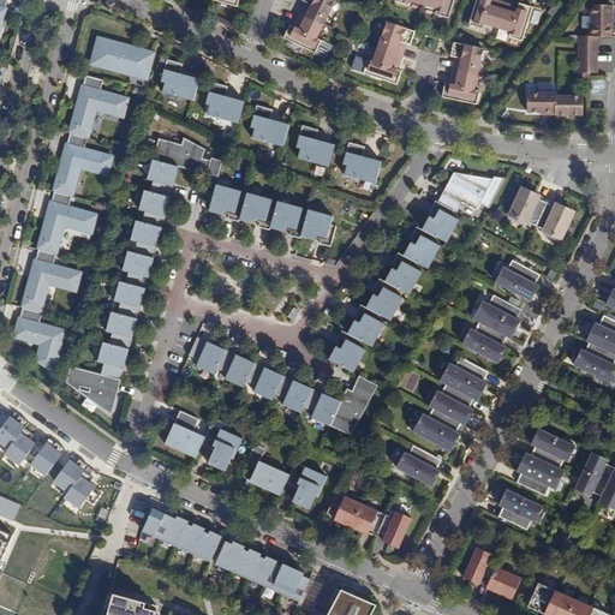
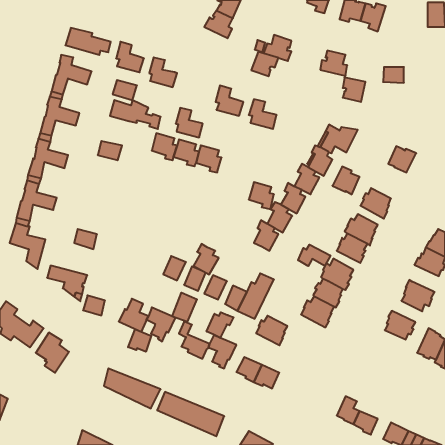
building: [377,23,414,56] -> [251,52,278,76]
building: [579,37,601,74] -> none
building: [450,42,482,76] -> [343,77,365,102]
building: [556,92,584,115] -> none
building: [251,100,288,141] -> [176,108,203,137]
building: [143,163,177,191] -> [113,80,137,100]
building: [508,187,545,226] -> [332,167,360,194]
building: [300,209,335,246] -> [249,182,274,209]
building: [125,225,159,252] -> none
building: [118,255,150,282] -> none
building: [111,286,142,312] -> none
building: [330,330,365,372] -> [194,244,219,274]
building: none -> [298,245,330,266]
building: [195,342,225,376] -> none
building: [94,345,124,372] -> [83,295,105,315]
building: none -> [172,293,197,322]
building: none -> [207,312,234,338]
building: [398,446,441,486] -> [256,316,287,345]
building: [515,453,561,496] -> [401,280,435,311]
building: none -> [128,329,151,352]
building: [497,489,539,530] -> none
building: [375,510,411,548] -> none

